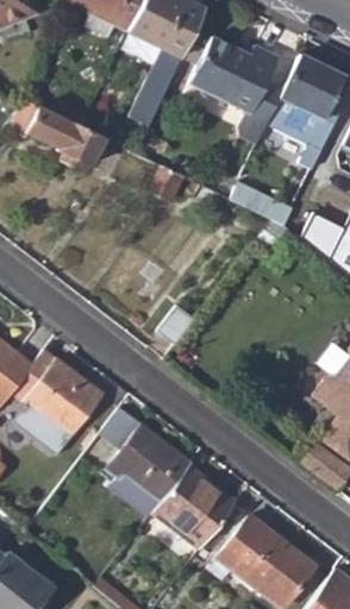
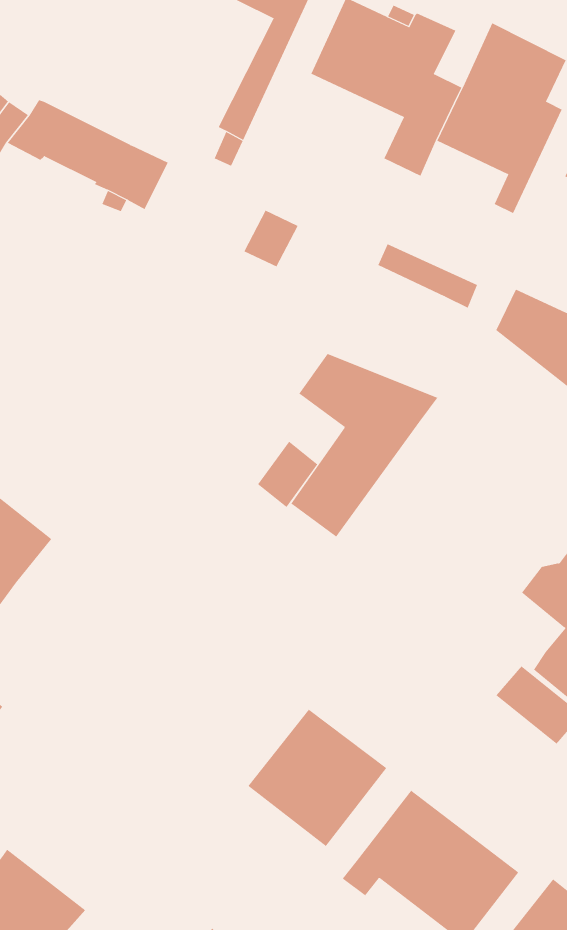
building: none -> [291,353,438,538]
building: [12,349,104,456] -> none
building: [100,408,190,516] -> none

